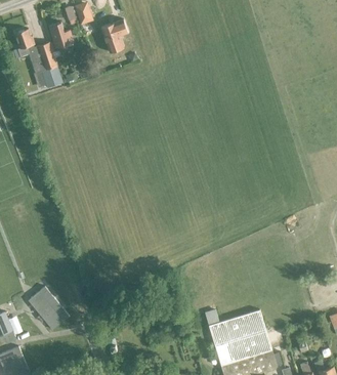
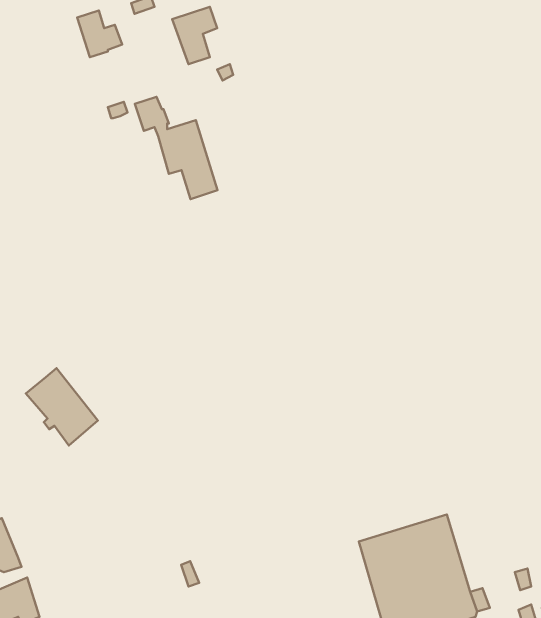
building: [15,29,62,87] -> [135,97,217,199]
building: [28,286,69,330] -> [26,368,98,445]

